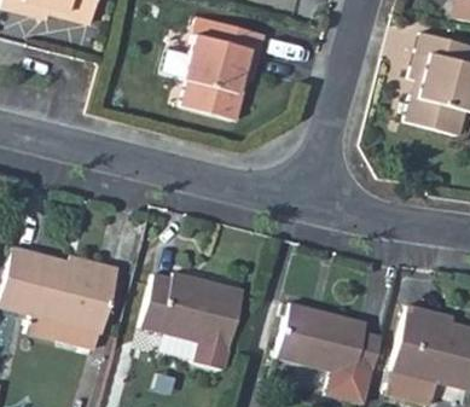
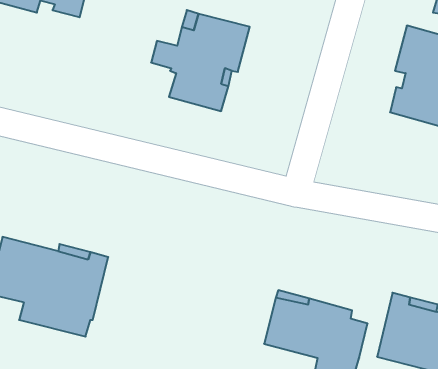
building: [143,272,245,370] -> none

